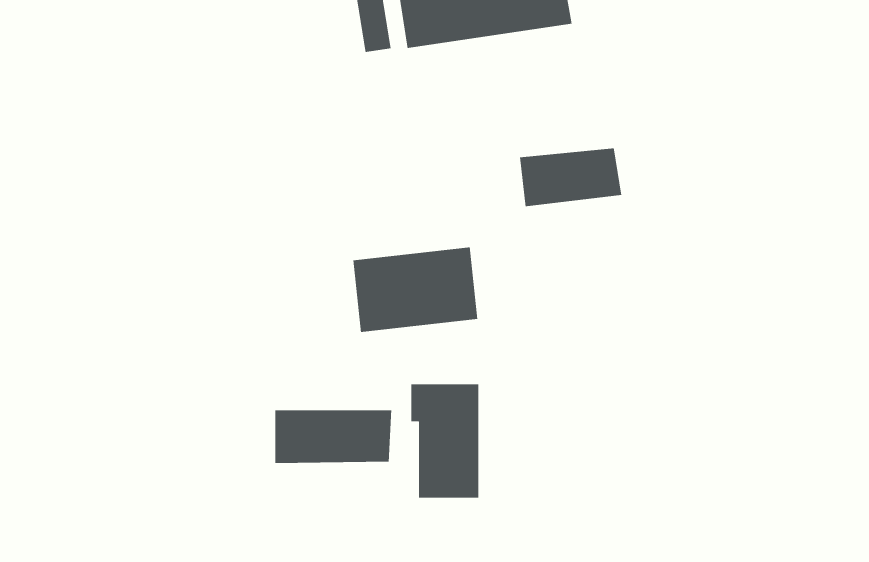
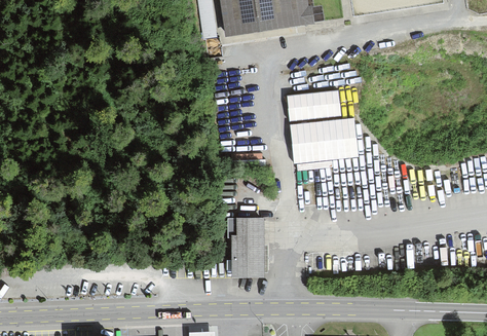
building: [352,247,478,333] -> [290,119,358,165]
building: [275,409,392,464] -> none

